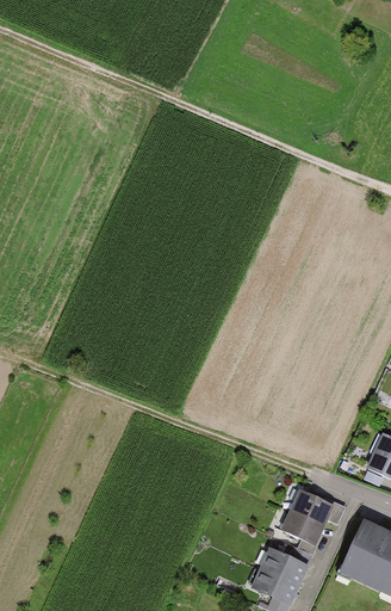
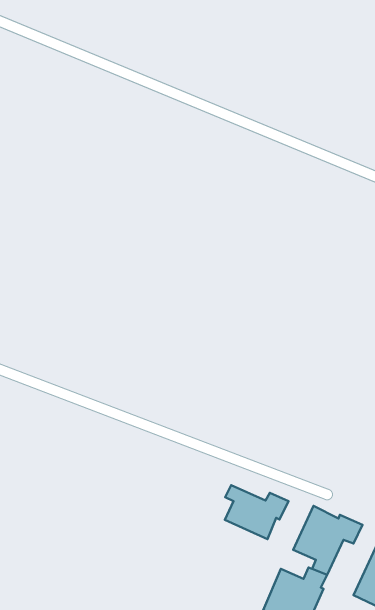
building: none -> [225,485,288,539]

